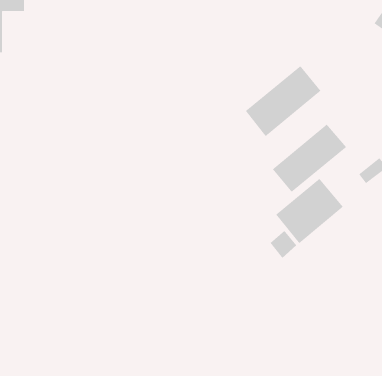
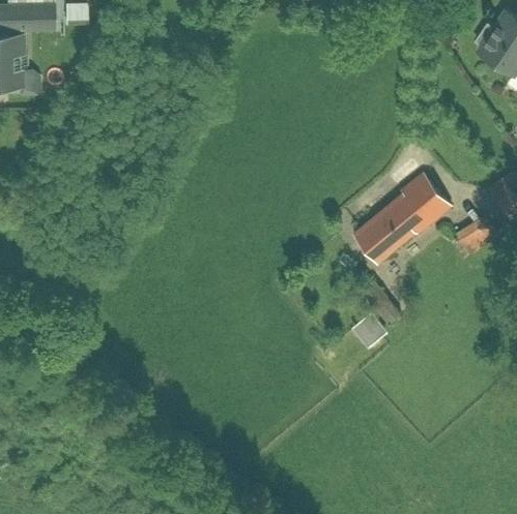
building: [245,65,322,137] -> none
building: [275,178,344,244] -> none

